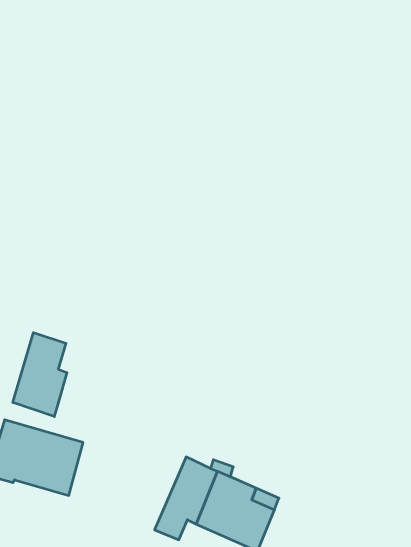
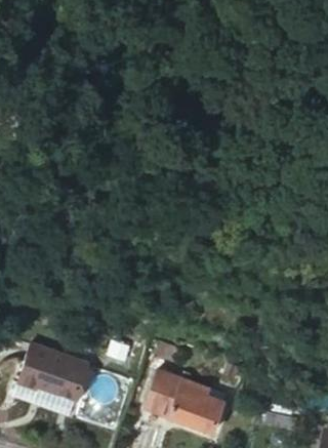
building: [13,333,67,417] -> none

